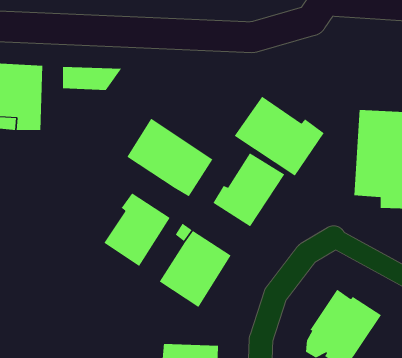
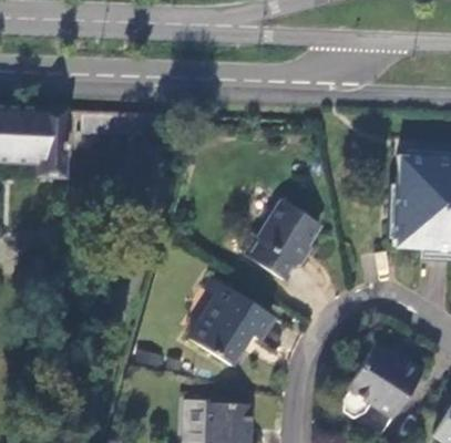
building: [234,96,325,176] -> none
building: [126,118,213,197] -> none
building: [104,193,170,267] -> none

